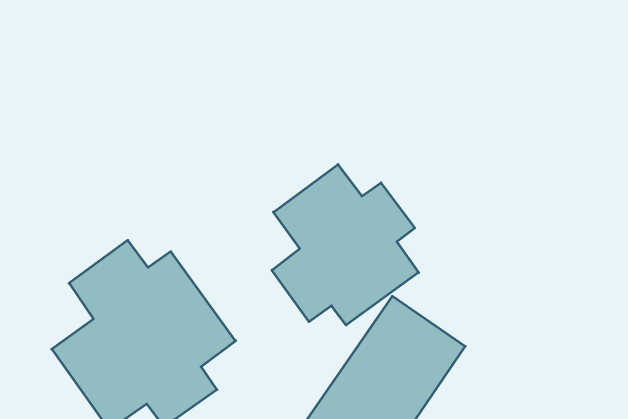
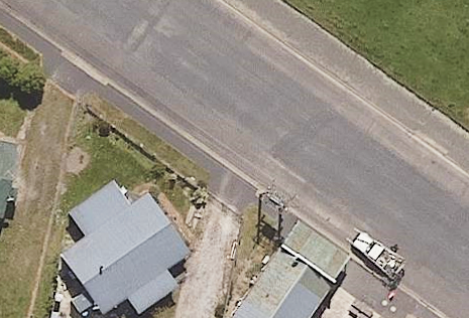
building: [272,164,419,325] -> none

